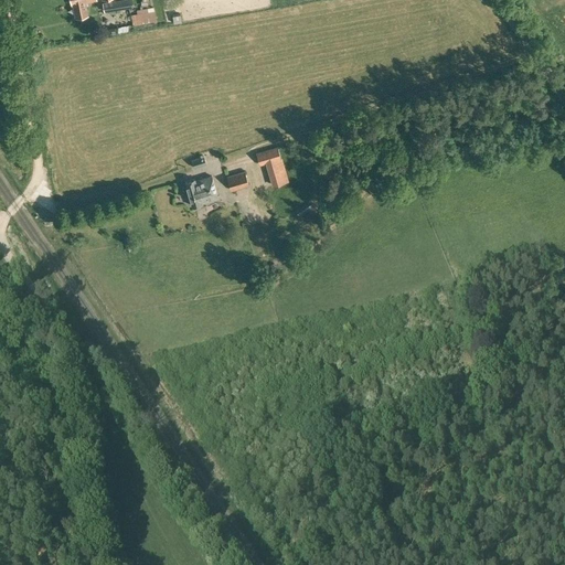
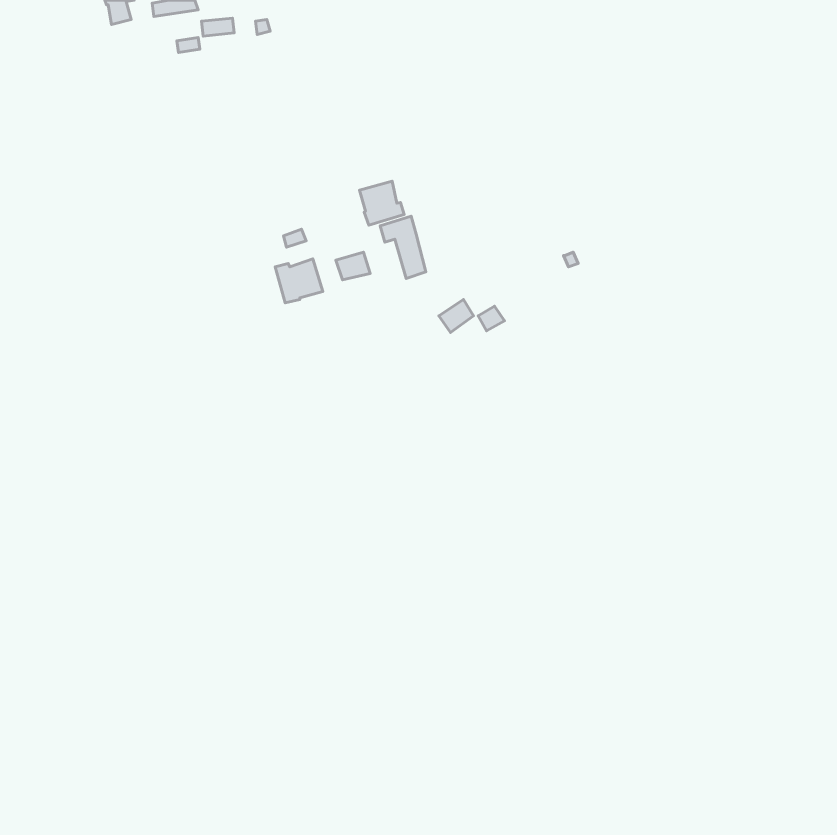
building: none -> [359,181,404,225]

